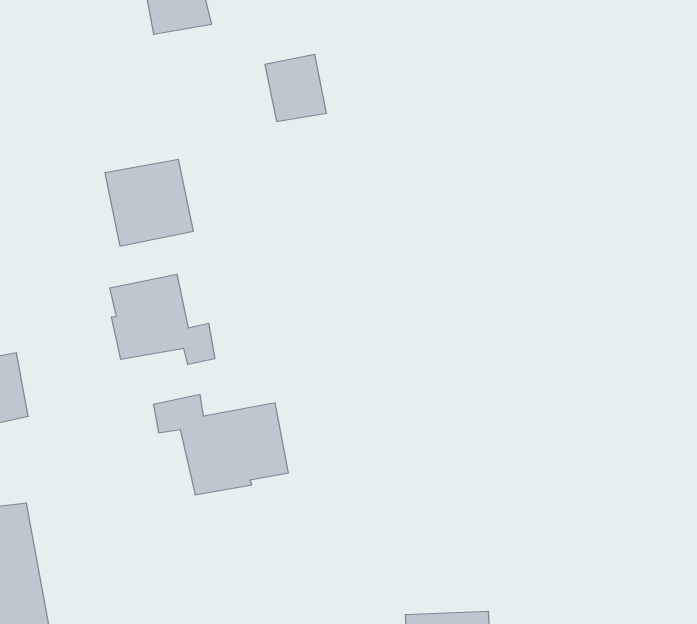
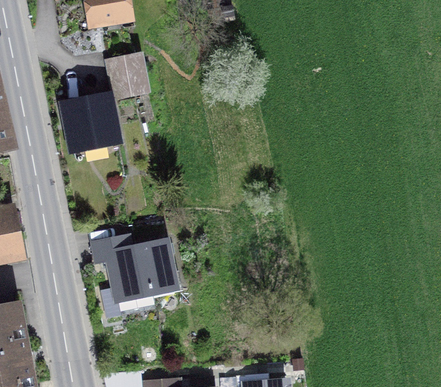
building: [265,55,327,121] -> [109,56,146,96]
building: [110,274,215,365] -> none

